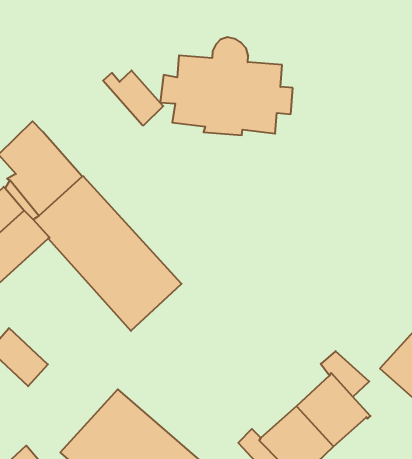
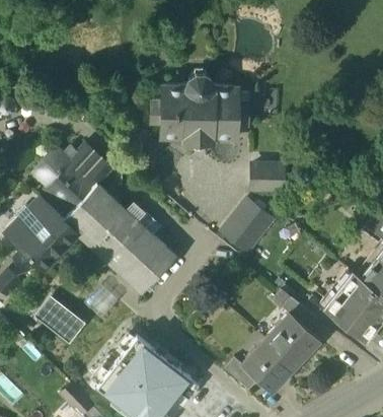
building: [103,70,163,125] -> [65,143,110,183]
building: none -> [248,166,281,191]
building: none -> [219,195,276,254]

